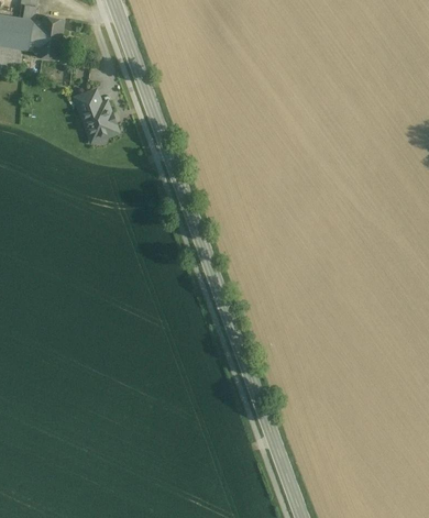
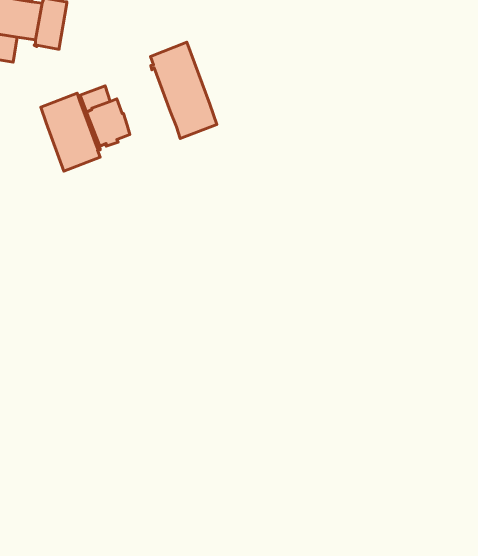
building: none -> [150,42,217,138]
building: none -> [41,93,100,171]

